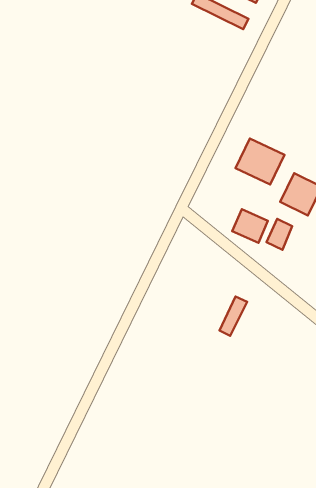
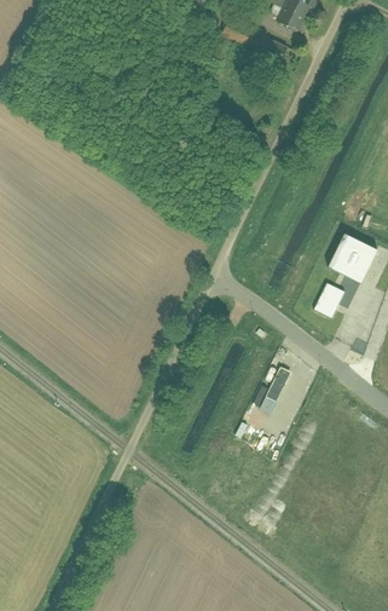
building: [235,139,284,184] -> none
building: [232,209,268,243] -> none

